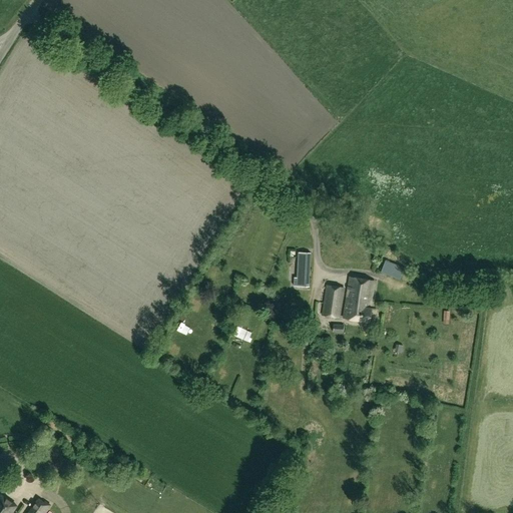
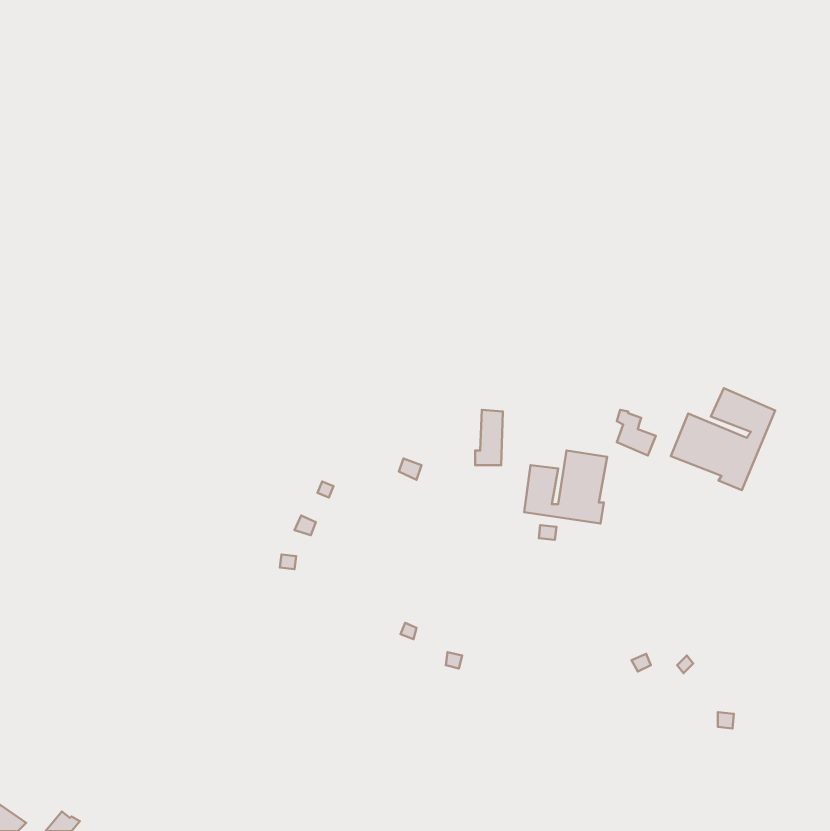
building: none -> [671,388,775,490]

